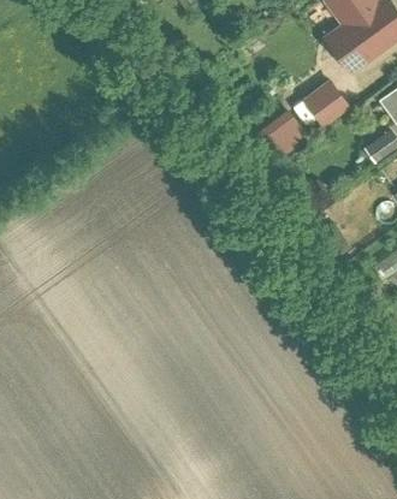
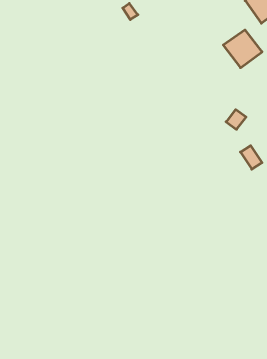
building: [263,117,309,159] -> none

